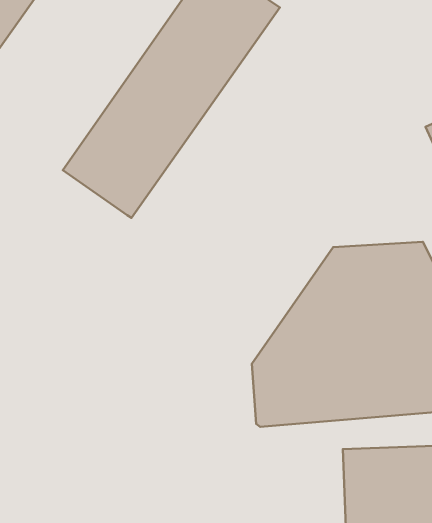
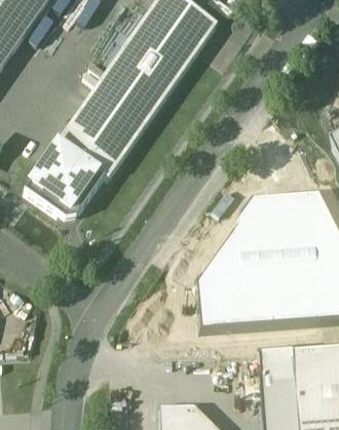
building: none -> [23,141,104,216]

